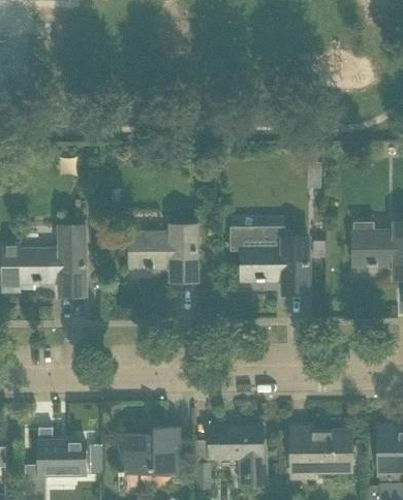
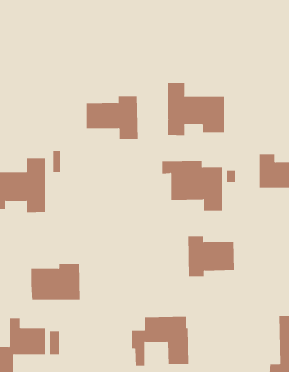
building: none -> [168,82,224,136]
building: [130,225,196,280] -> [86,96,138,139]
building: [291,426,351,477] -> [187,236,235,277]
building: [118,427,181,473] -> [31,263,81,300]

